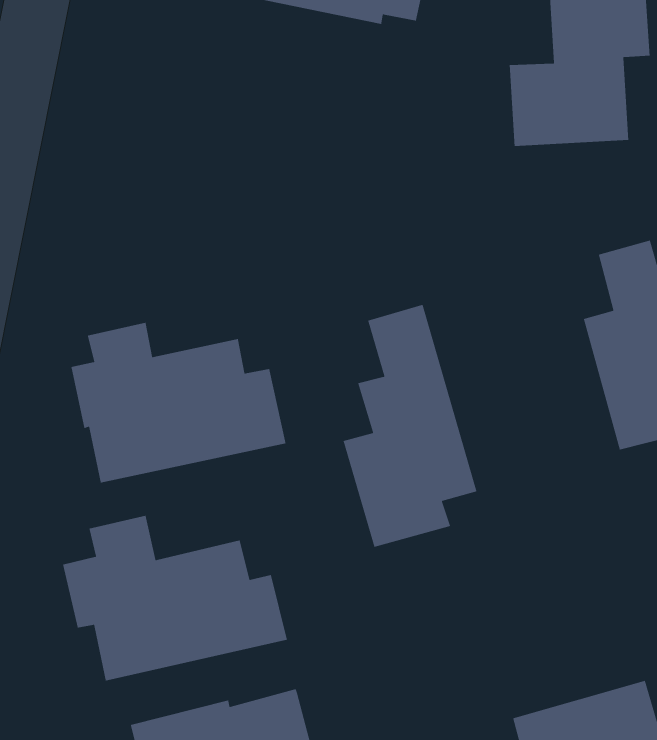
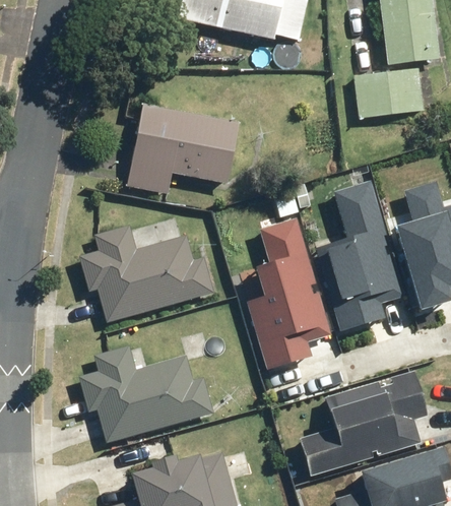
building: none -> [124,104,236,198]
building: none -> [322,176,408,322]
building: none -> [296,371,428,478]

